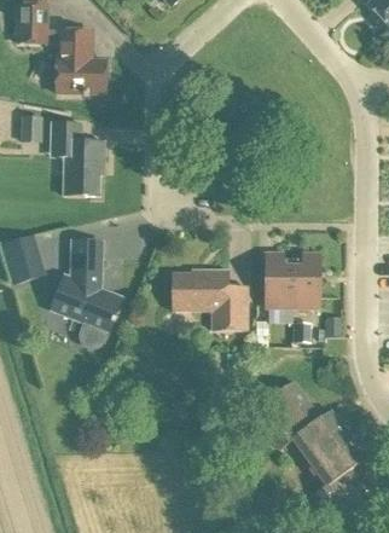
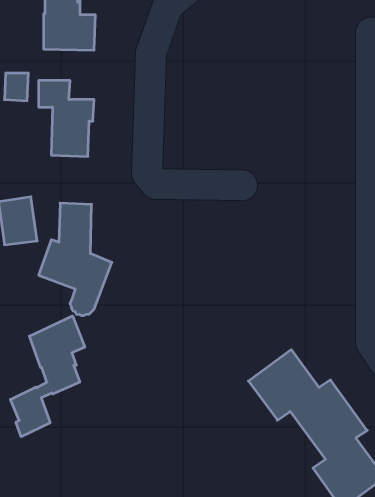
building: [265,251,321,307] -> none
building: [173,268,248,329] -> none
building: none -> [10,316,85,437]

